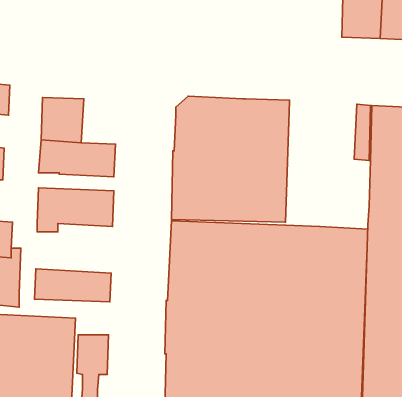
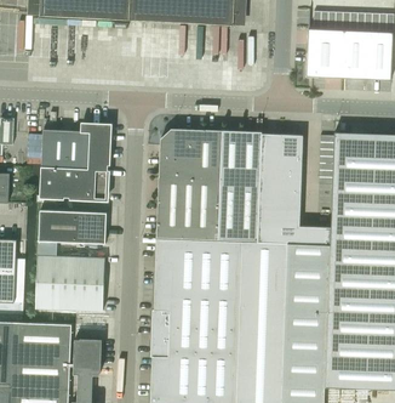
building: none -> [78,124,110,170]
building: none -> [258,132,331,245]
building: none -> [38,248,105,284]

